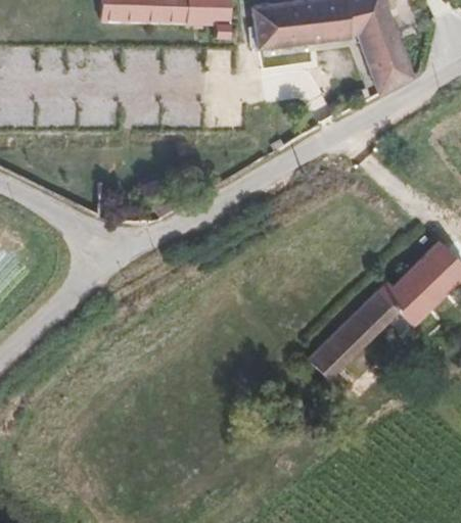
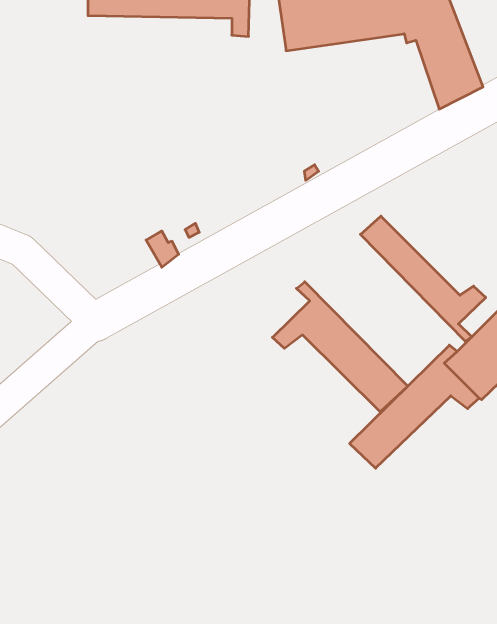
building: none -> [360,216,486,342]
building: none -> [272,282,408,412]

